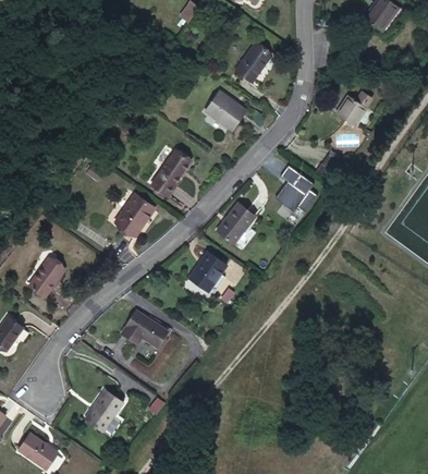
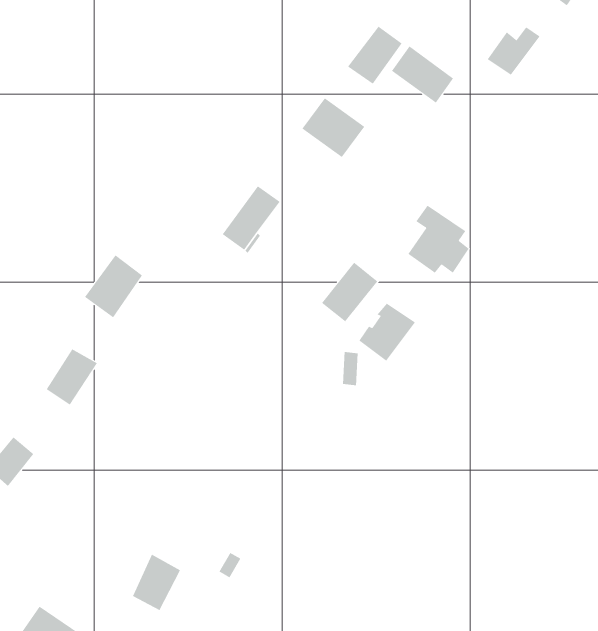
building: none -> [391,46,454,104]
building: [338,90,374,123] -> [487,27,541,75]
building: [115,194,155,236] -> [84,254,143,318]
building: [187,252,225,291] -> [359,303,416,362]
building: [119,308,164,345] -> none

